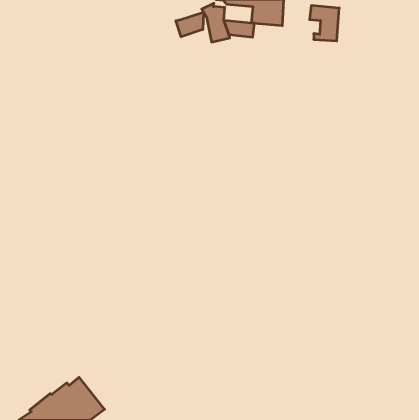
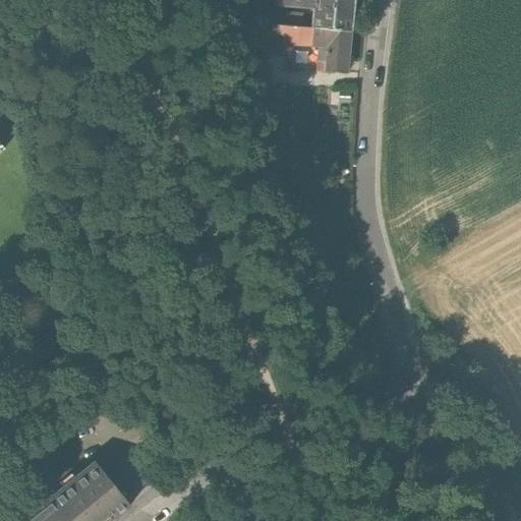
building: [310,6,339,41] -> [314,28,351,72]
building: [176,12,204,37] -> none

